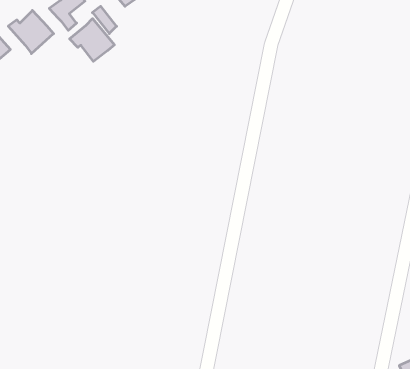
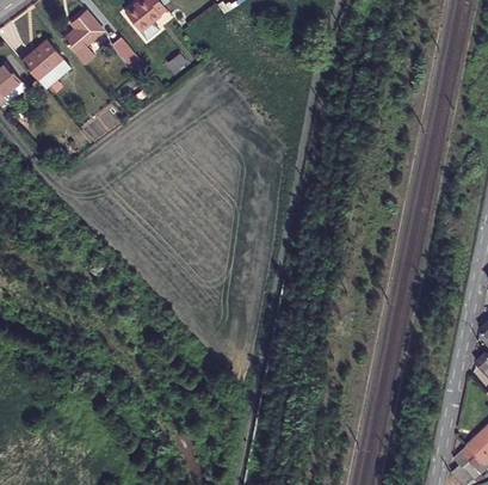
building: [70,19,114,61] -> none

